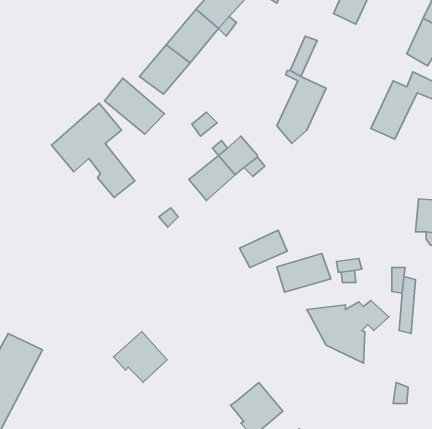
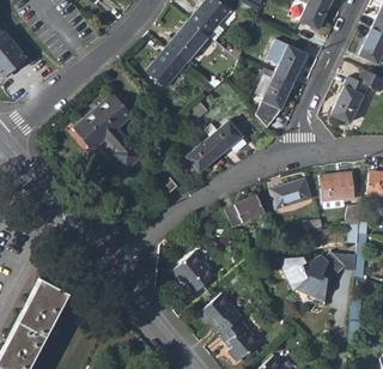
building: none -> [274,43,306,81]
building: [105,78,164,134] -> none
building: none -> [320,171,352,202]
building: [277,253,331,292] -> [268,179,311,210]
building: [113,331,167,382] -> [171,250,214,291]
building: none -> [196,291,242,333]

